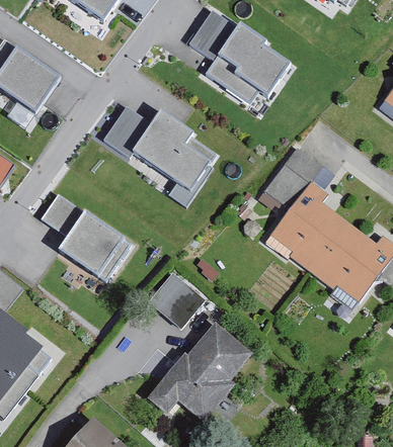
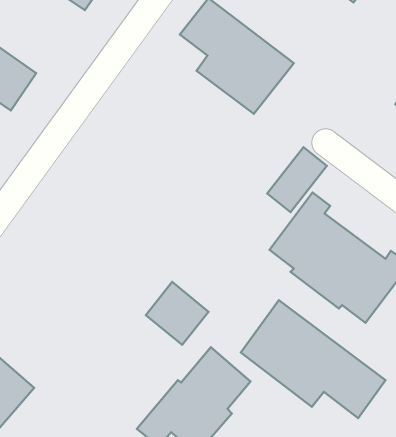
building: [101,100,212,196] -> none
building: [40,191,129,279] -> none
building: none -> [241,300,386,418]

